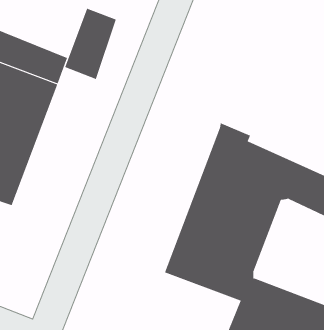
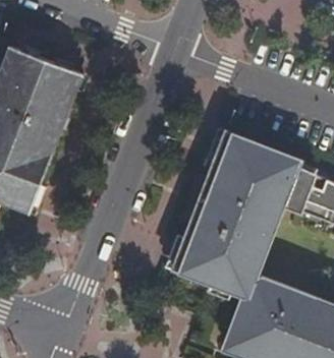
building: [64,8,117,80] -> none

